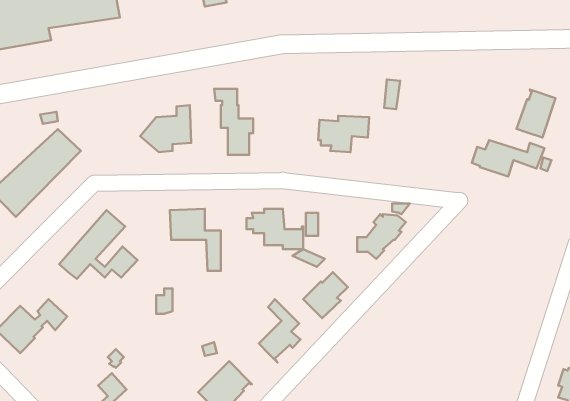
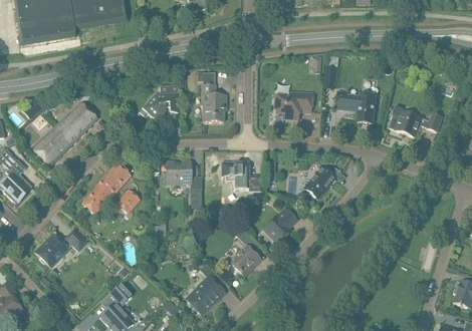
building: [517,90,556,137] -> none
building: none -> [336,90,376,123]

